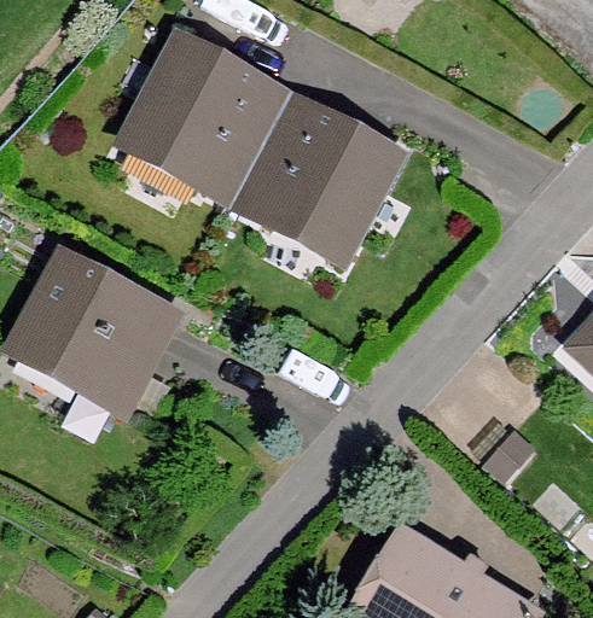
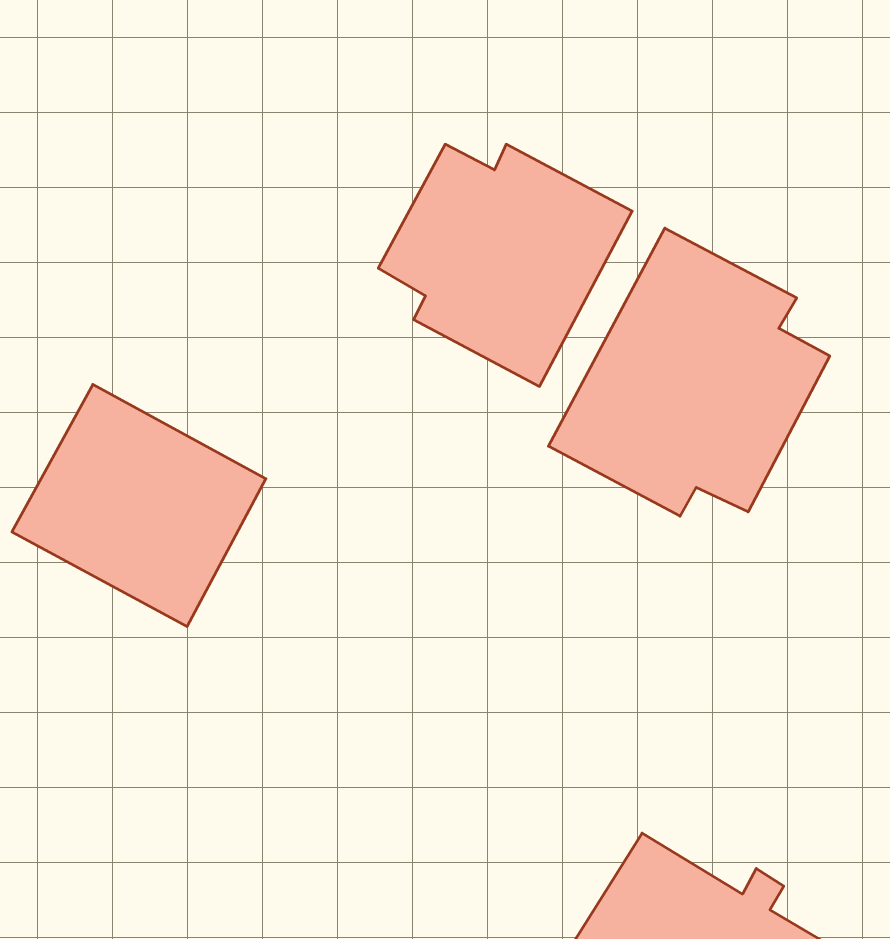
building: [124,39,280,187] -> none
building: none -> [548,228,830,516]

